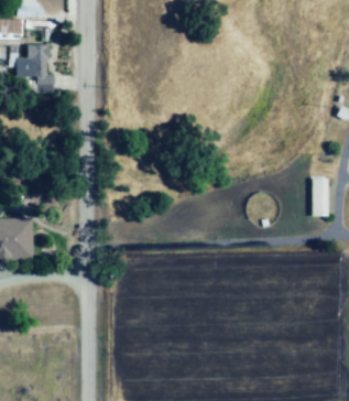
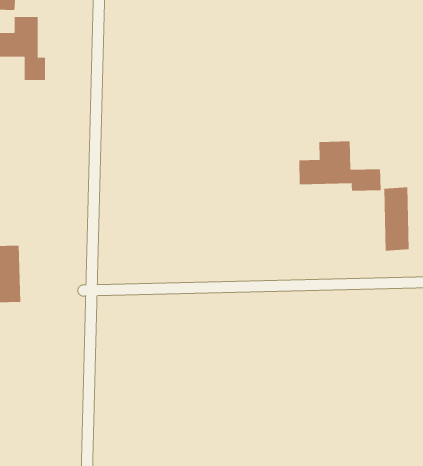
building: none -> [299,141,381,191]

